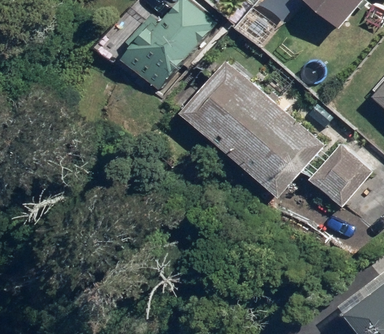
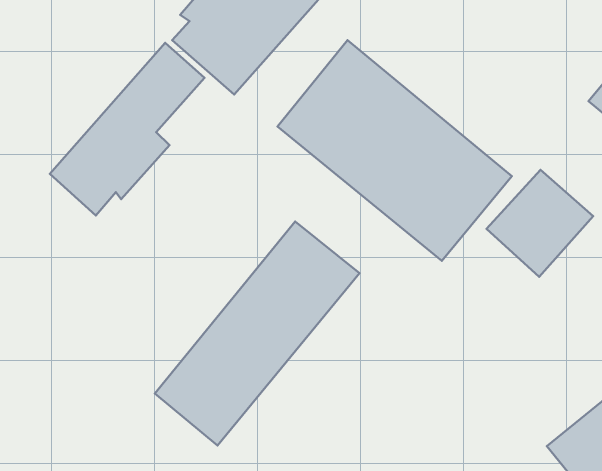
building: none -> [50,43,205,215]
building: none -> [155,221,360,446]

